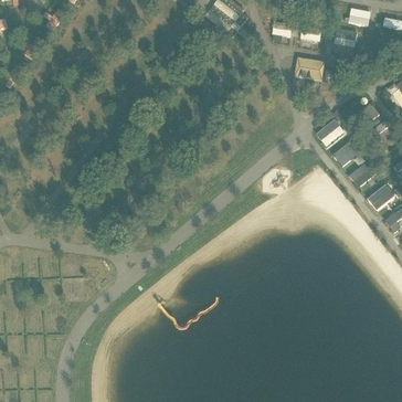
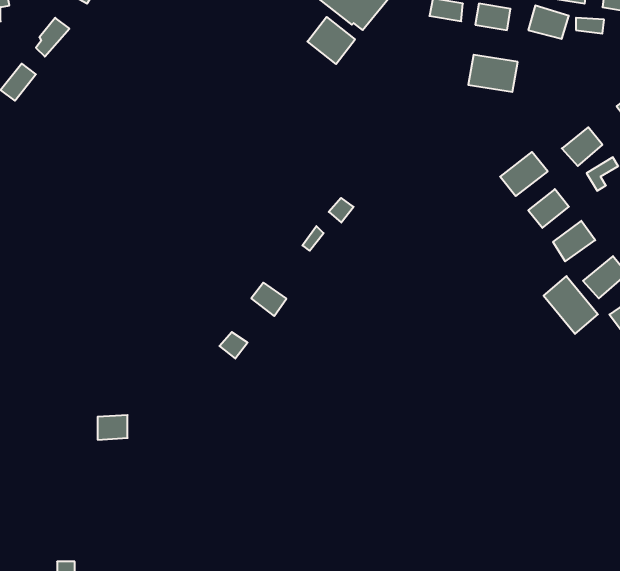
building: none -> [307,17,355,64]
building: none -> [544,276,598,334]

